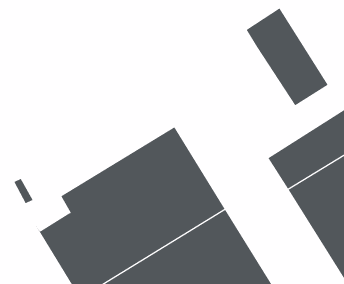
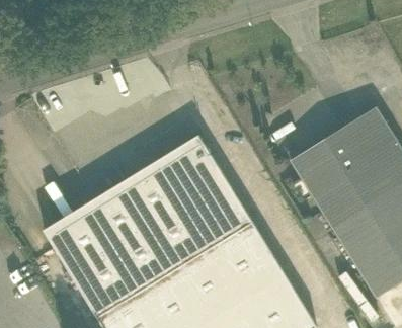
building: [246,8,329,106] -> none
building: none -> [45,210,87,246]

